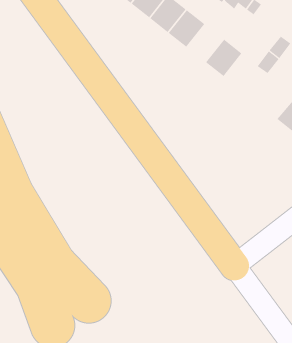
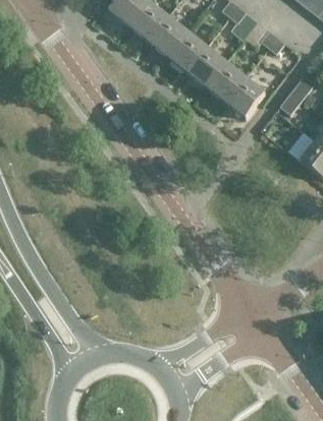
building: none -> [205,62,244,102]

